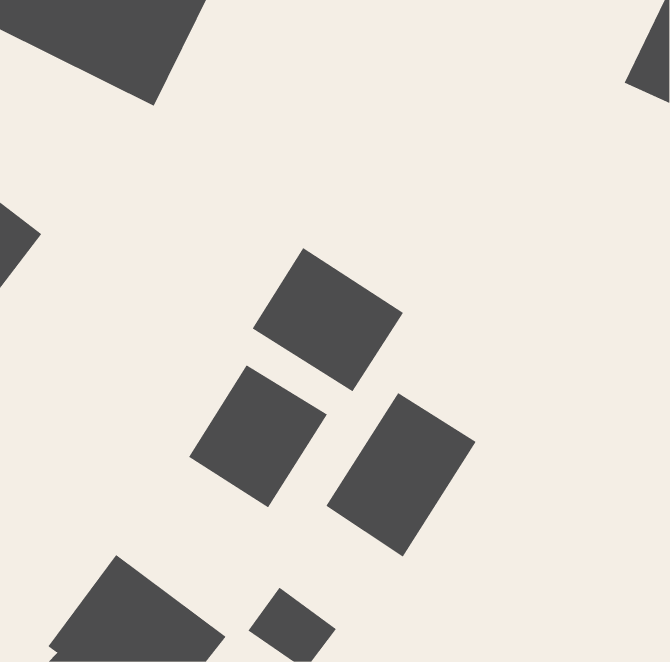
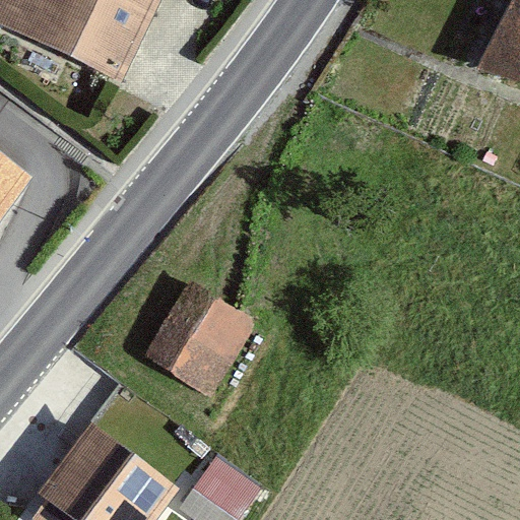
building: [252,247,404,392] -> none
building: [325,392,476,557] -> none

